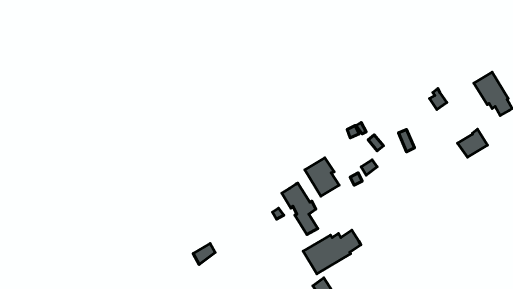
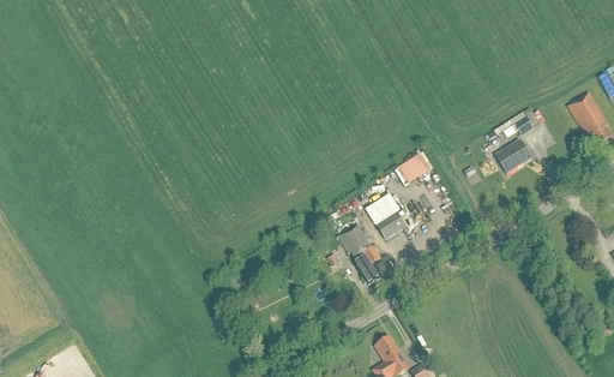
building: [457,129,488,157] -> [494,139,530,173]
building: [303,230,361,274] -> none

